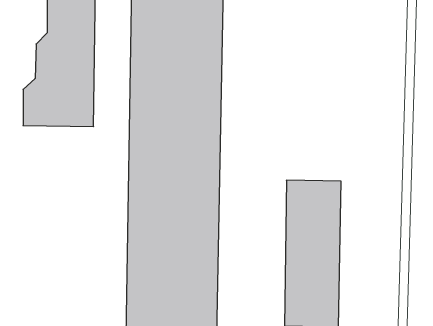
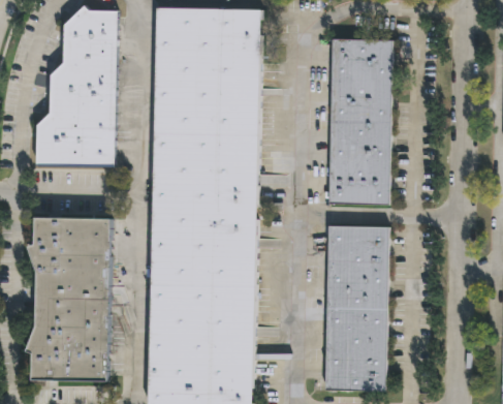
building: none -> [329,38,394,204]
building: none -> [25,218,109,380]

